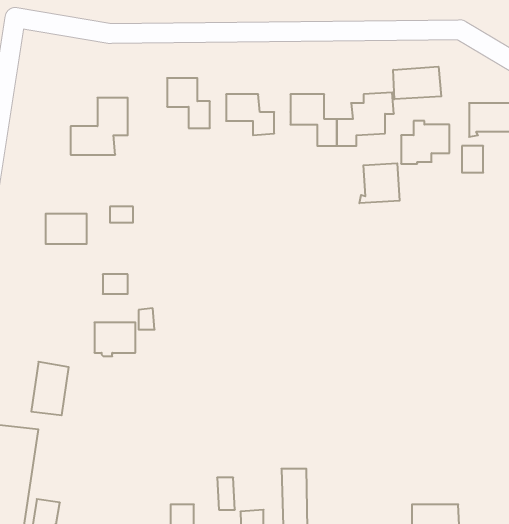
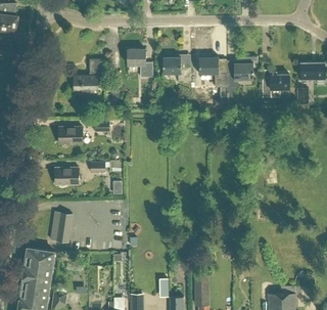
building: [393,67,441,99] -> none
building: [359,163,400,203] -> none
building: [94,322,135,356] -> [54,168,78,187]

